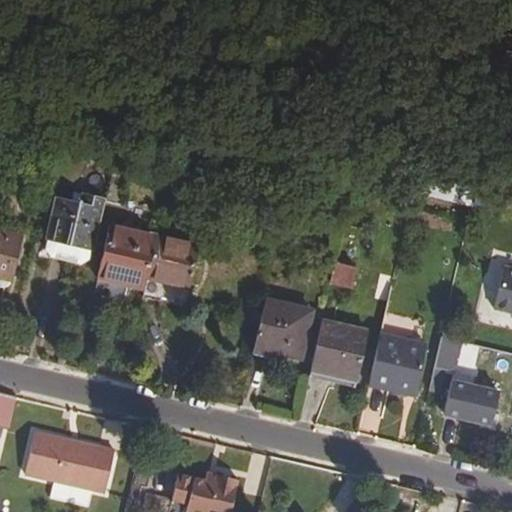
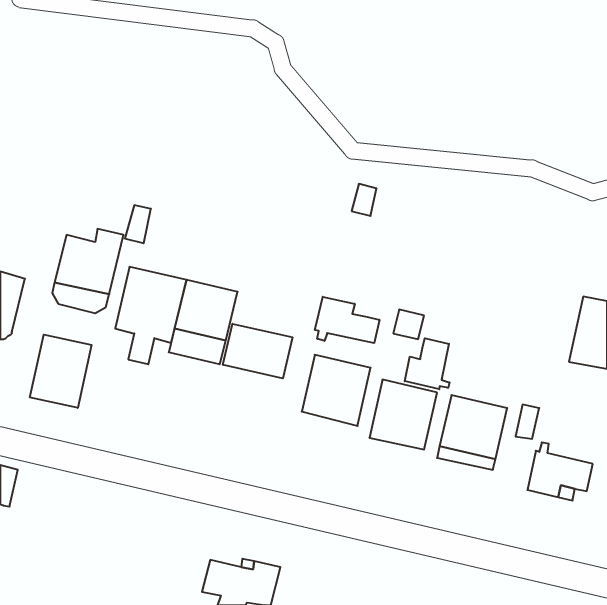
building: none -> [315,297,379,343]
building: none -> [223,324,292,378]
building: none -> [30,335,92,408]
building: none -> [405,338,450,389]
building: [25,431,115,491] -> none

